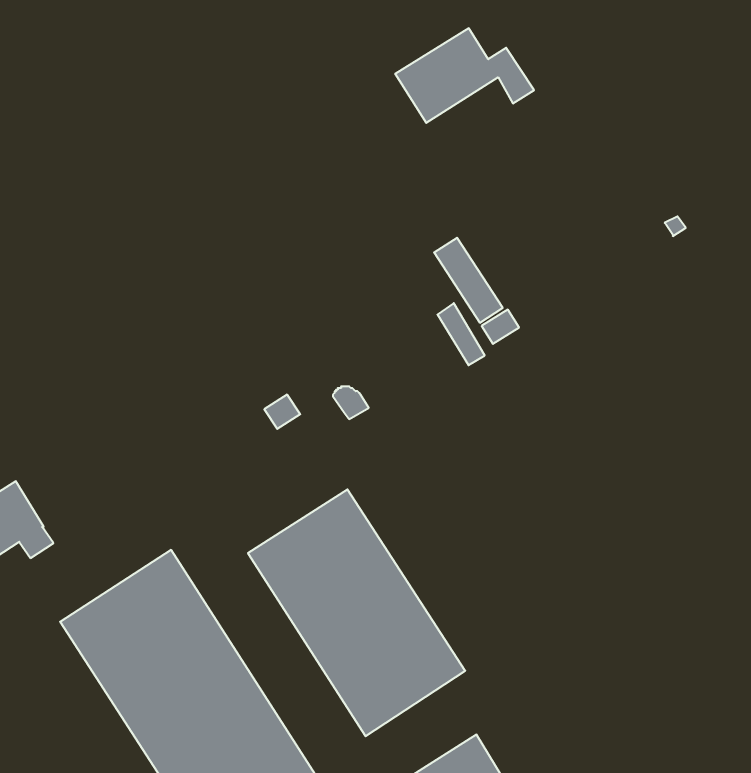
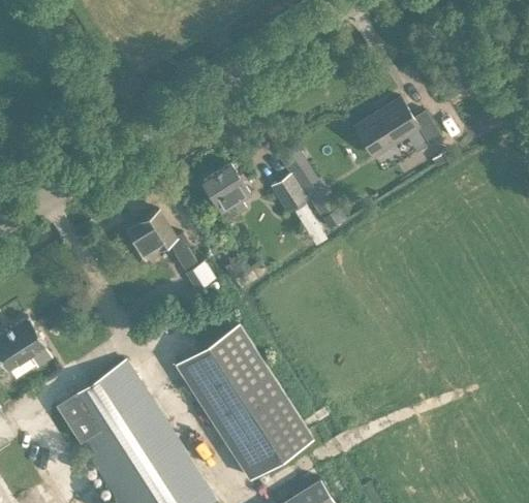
building: [395,28,534,123] -> [354,98,442,158]
building: none -> [203,164,252,215]
building: none -> [272,175,307,213]
building: none -> [126,210,196,270]

